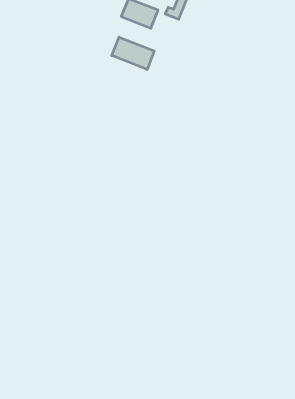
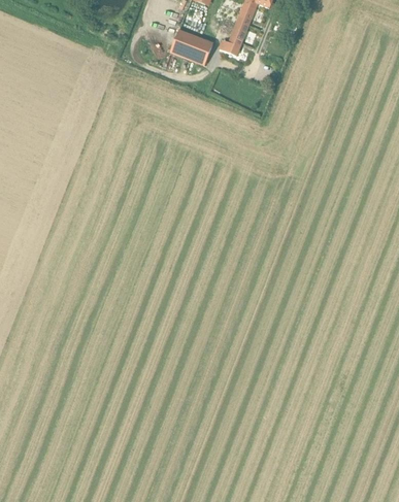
building: [112,37,154,70] -> none

